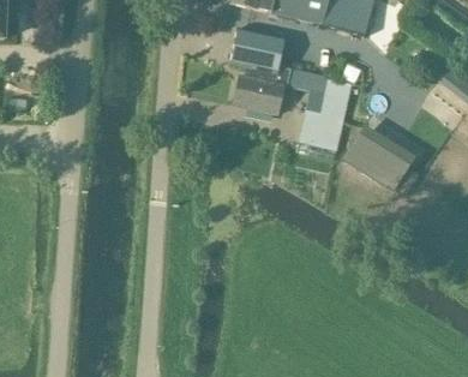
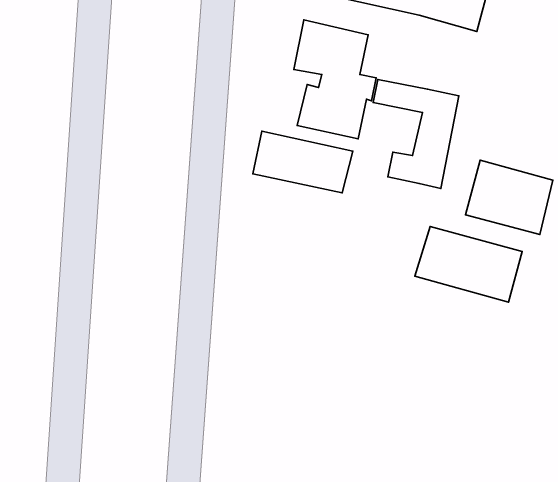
building: none -> [253,131,353,193]
building: none -> [415,226,522,302]

